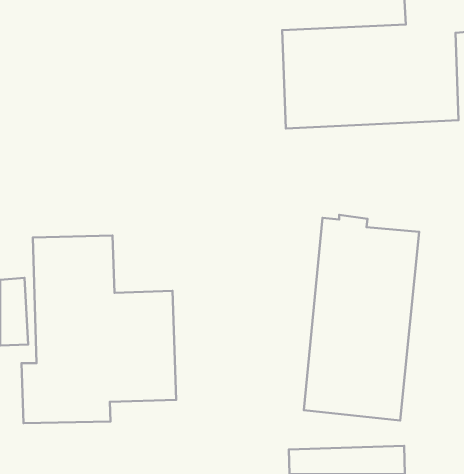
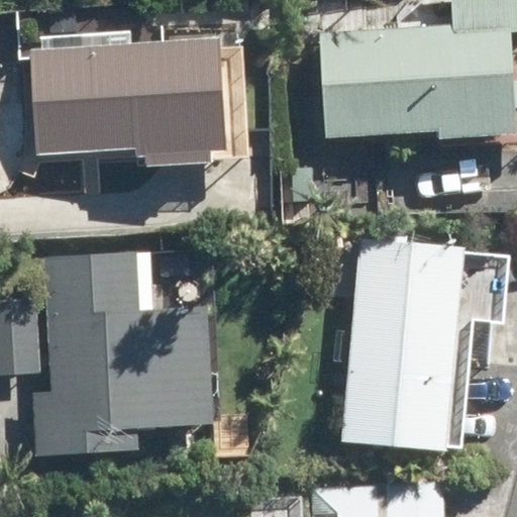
building: none -> [36,37,217,153]

